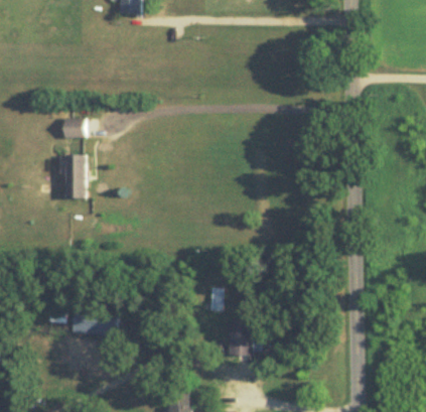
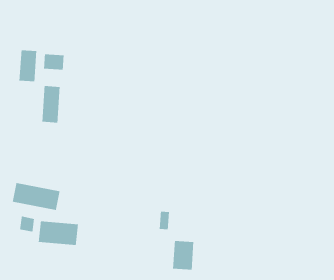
building: none -> [19,50,37,82]
building: none -> [12,182,60,211]

